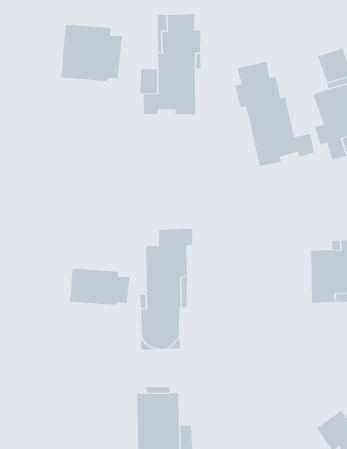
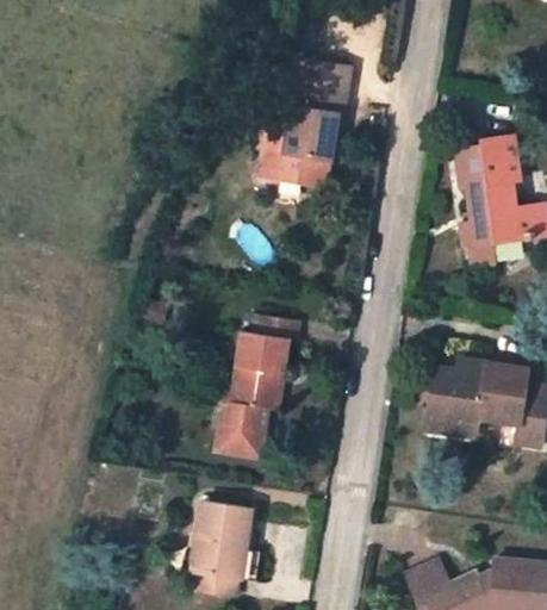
building: [61,24,122,82] -> none
building: [235,61,315,167] -> none
building: [70,268,130,306] -> none

